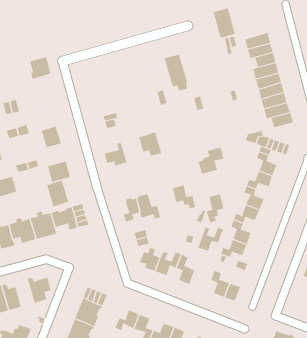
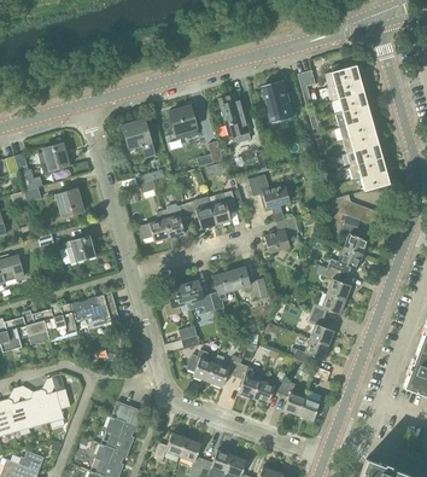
building: [213,8,236,39] -> [264,80,294,121]
building: [29,57,51,79] -> [42,141,71,171]
building: none -> [171,106,199,139]
building: none -> [123,118,157,159]
building: none -> [250,174,291,221]
building: none -> [209,190,236,225]
building: none -> [163,203,189,237]
building: [47,180,69,207] -> none
building: [206,194,224,223] -> [211,271,235,309]
building: [197,227,224,251] -> [253,371,288,403]
building: none -> [24,390,48,427]

